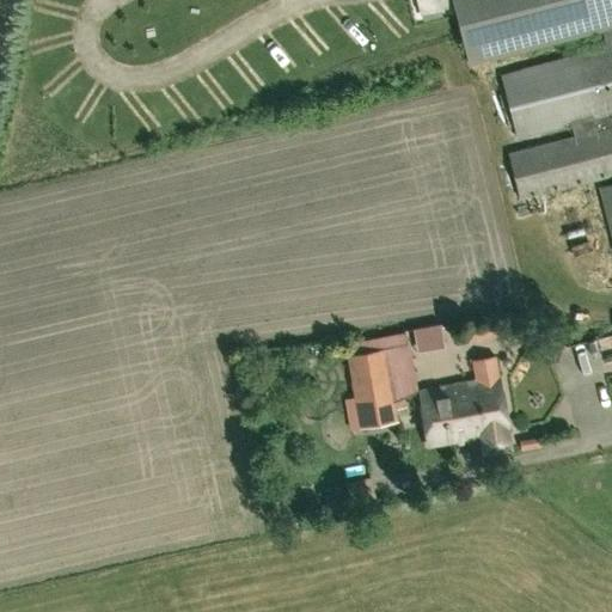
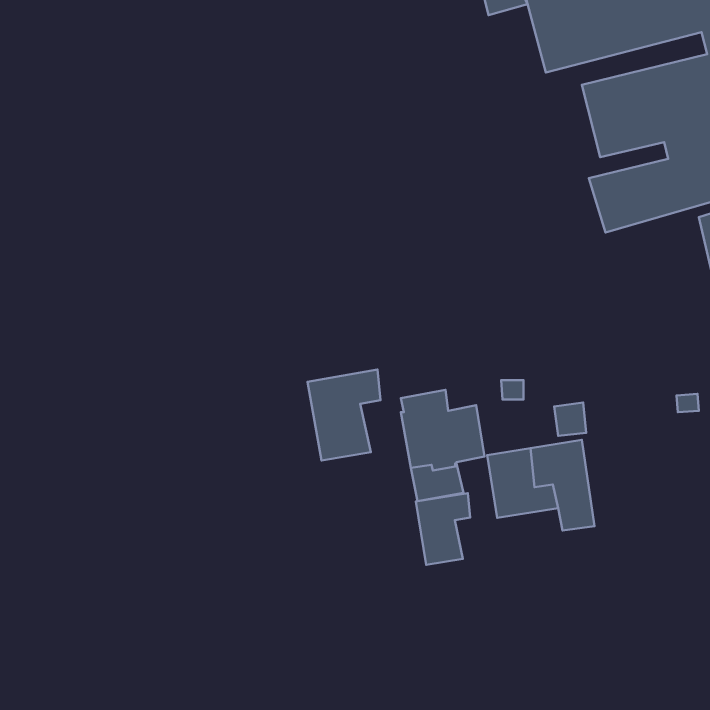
building: none -> [307,370,381,461]
building: none -> [416,493,470,565]

